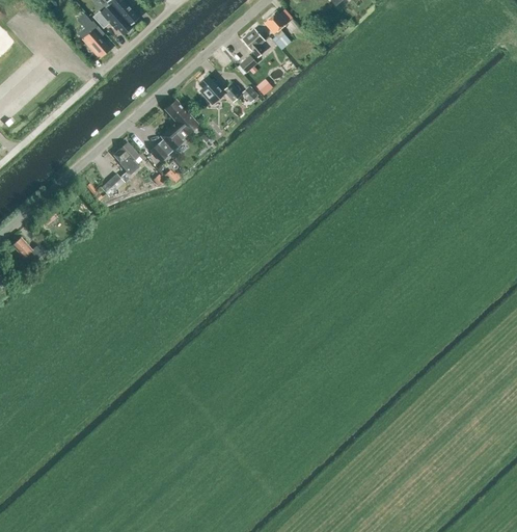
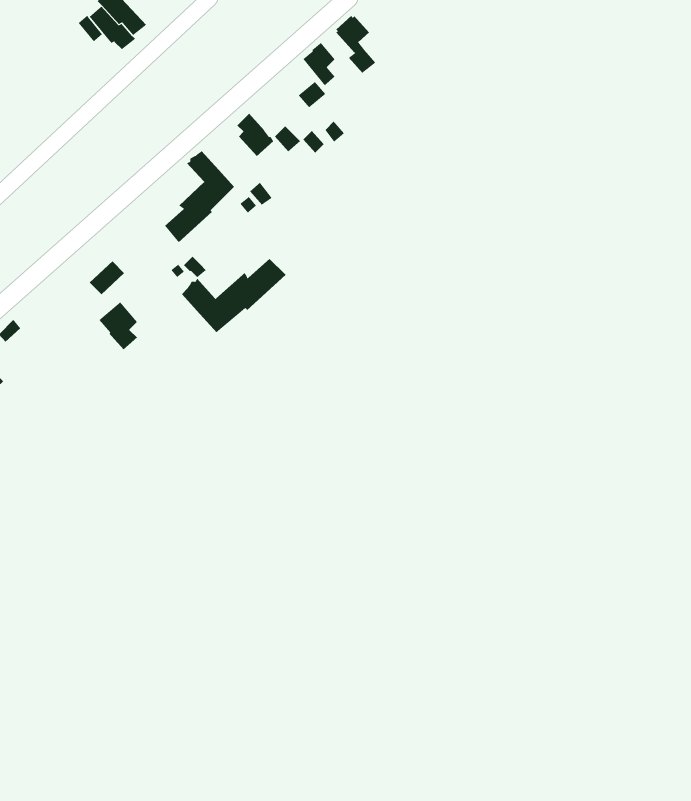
building: [74,9,109,58] -> none
building: [113,141,139,174] -> [98,301,138,350]
building: none -> [181,258,286,333]

